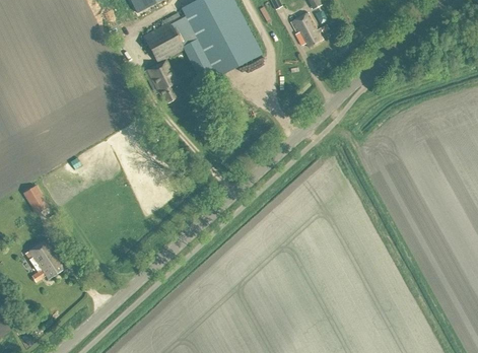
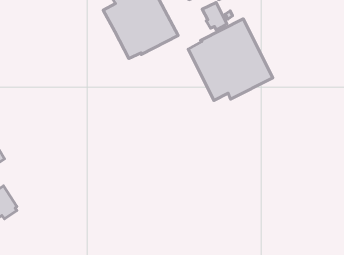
building: [142,21,184,102] -> none
building: none -> [188,19,273,100]

